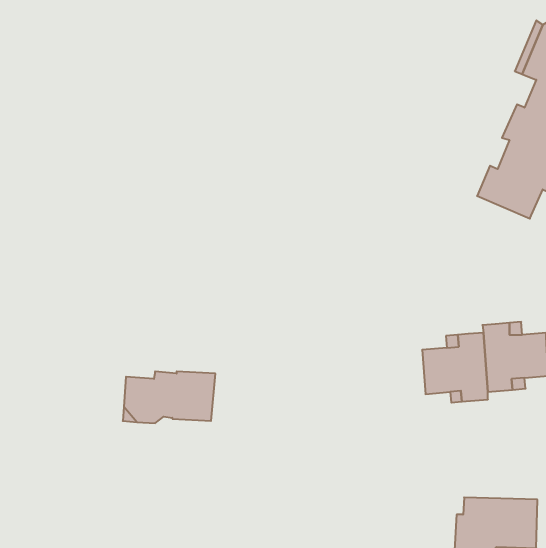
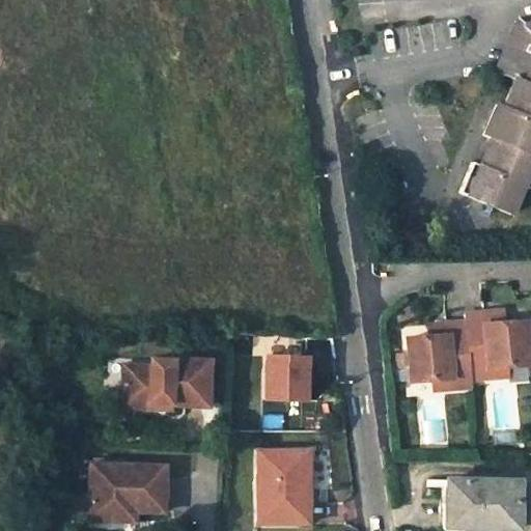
building: none -> [268,352,316,400]
building: none -> [260,451,311,523]
building: none -> [88,463,165,511]

